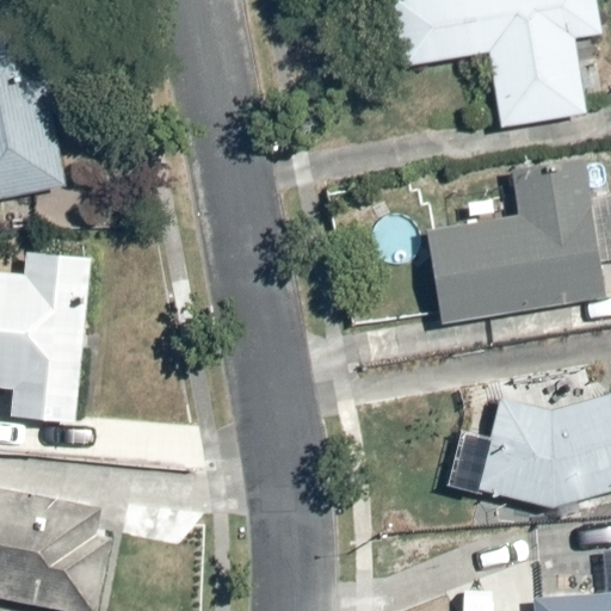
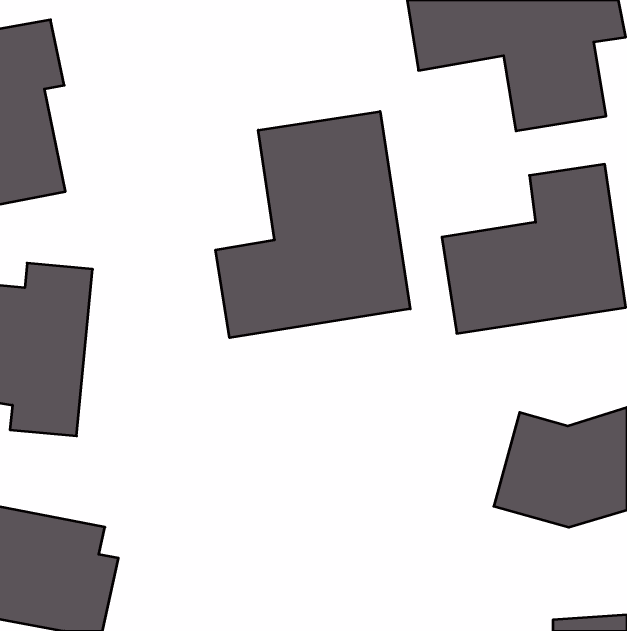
building: none -> [216,111,410,338]

